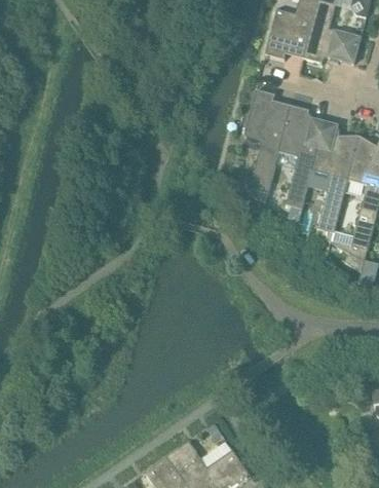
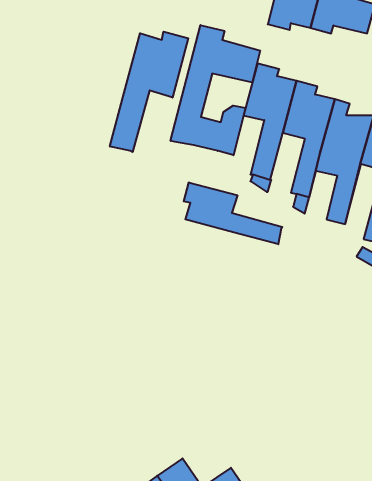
building: none -> [171,25,260,155]
building: none -> [110,32,188,152]
building: none -> [184,182,282,244]

